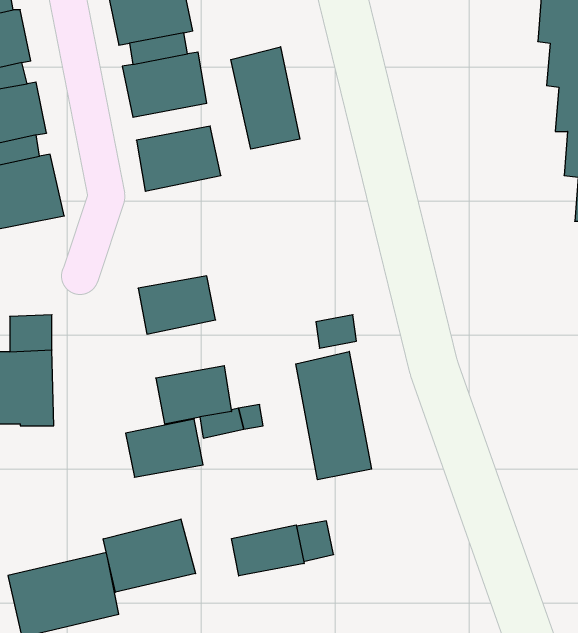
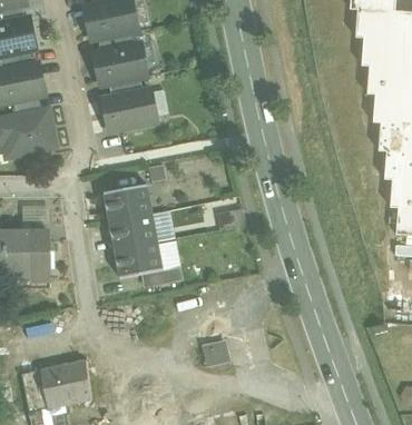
building: [231,47,300,149] -> none
building: [296,351,372,480] -> none
building: [126,419,203,477] -> [109,212,158,249]
building: [103,519,196,592] -> none
building: [232,525,304,576] -> none

